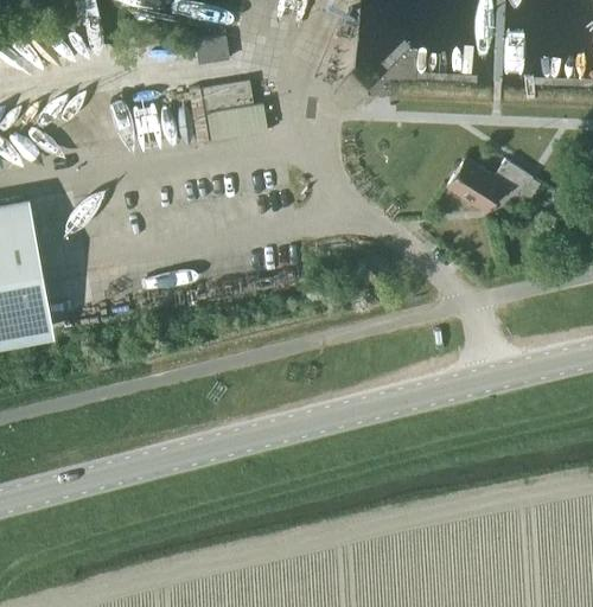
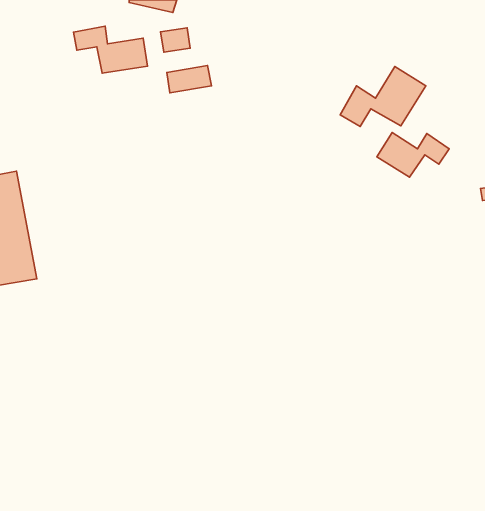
building: none -> [73,26,147,73]
building: none -> [340,66,426,127]

